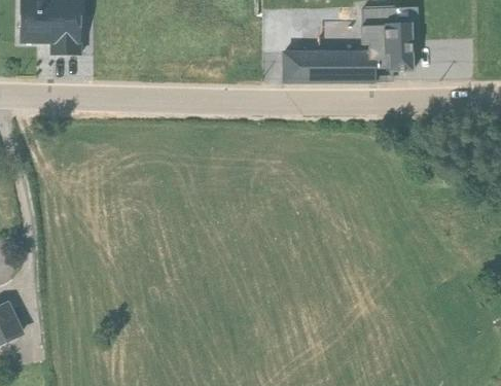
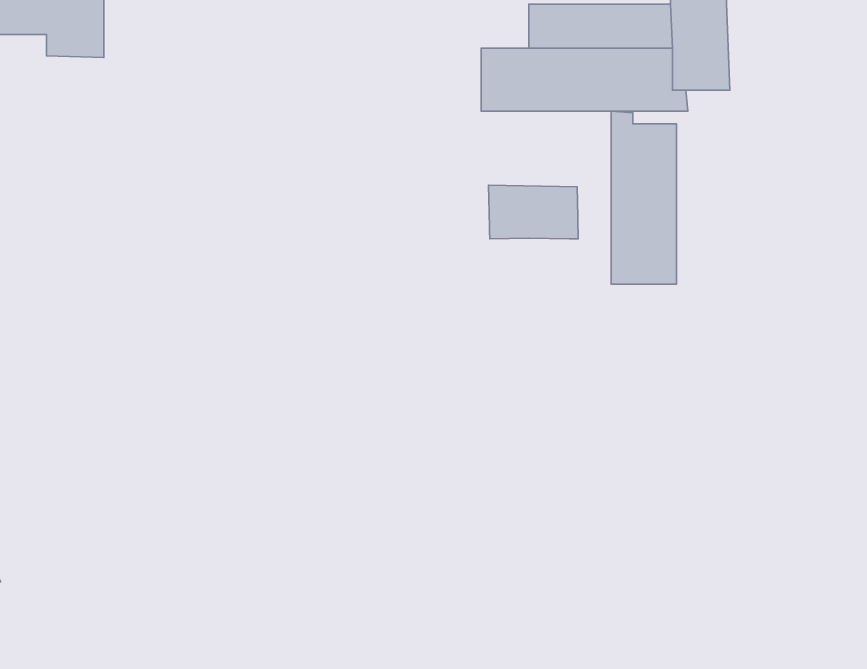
building: none -> [611,111,677,284]
building: none -> [489,185,578,239]

